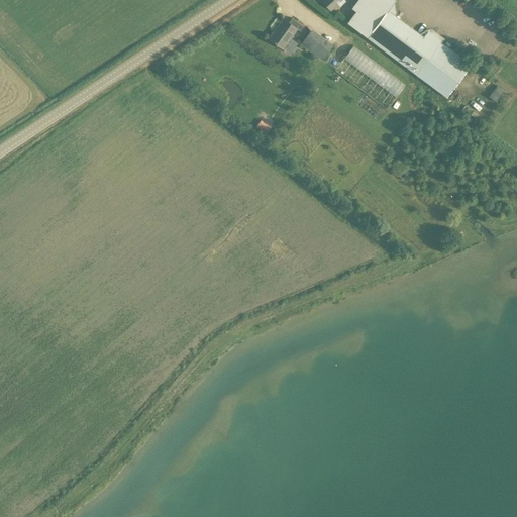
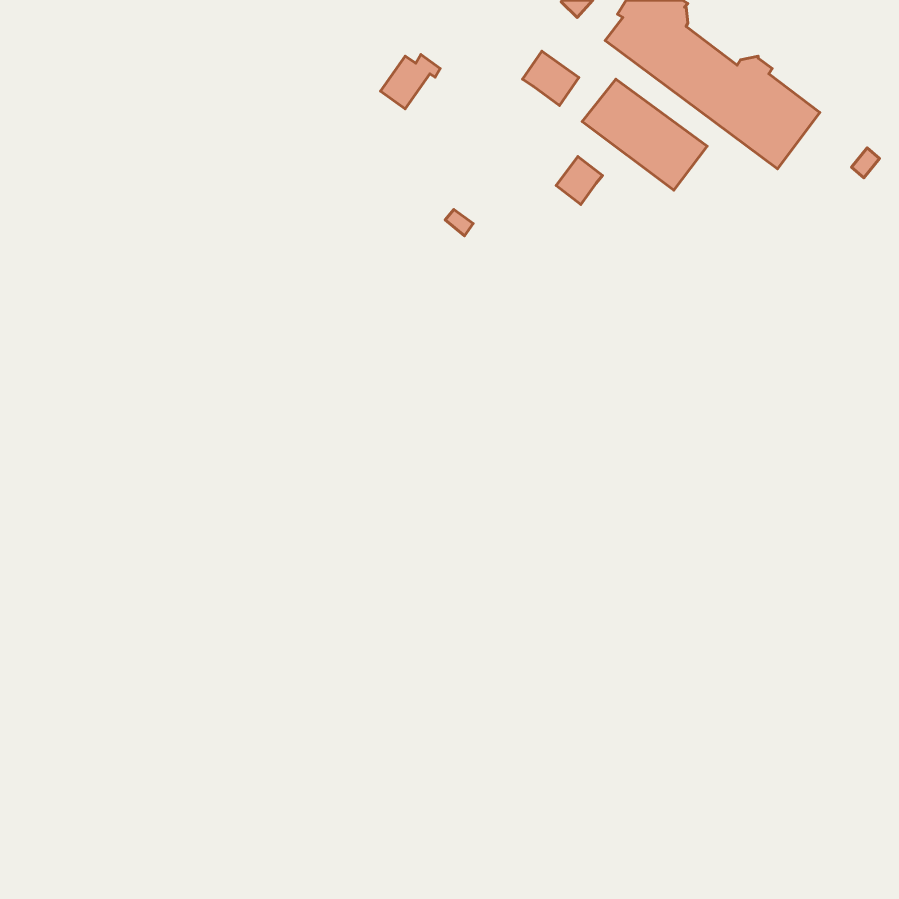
building: [269,18,303,49] -> [381,54,440,109]
building: none -> [556,156,602,204]

